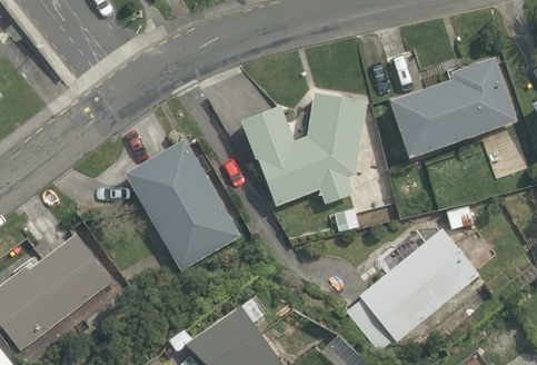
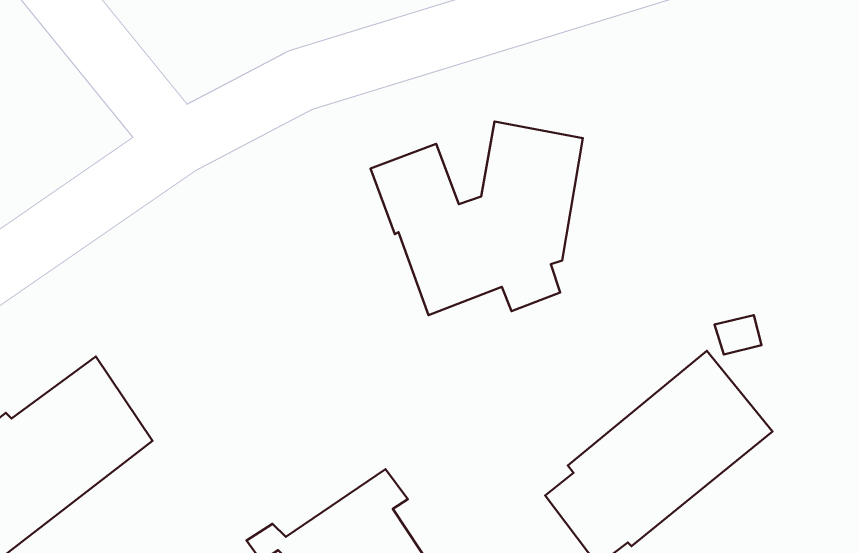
building: [390,57,516,157] -> none
building: [126,138,242,272] -> none

